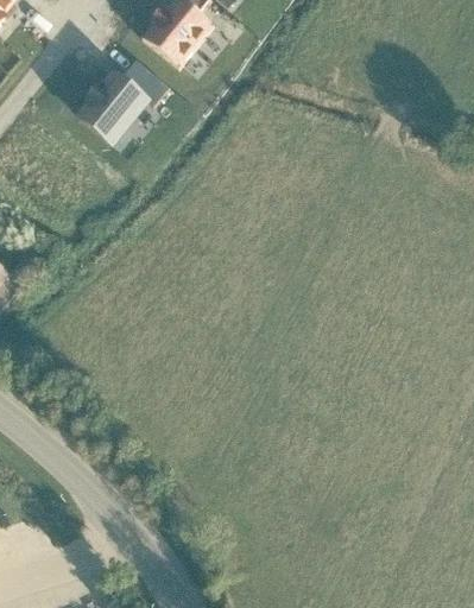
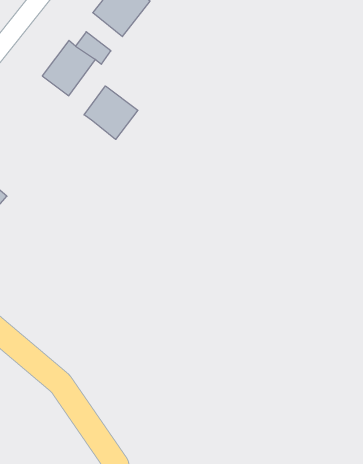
building: none -> [84,86,138,139]

